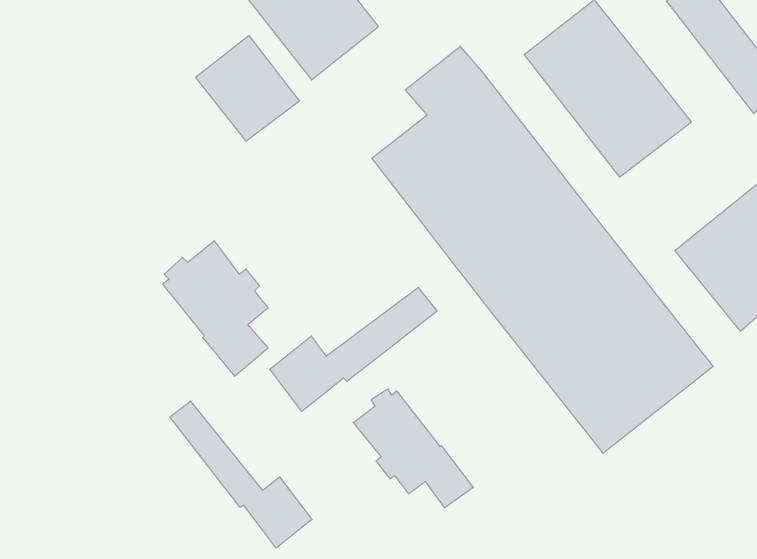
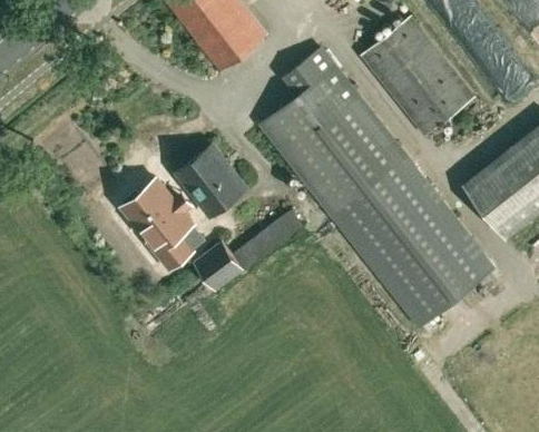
building: [196,36,299,141] -> [177,146,246,216]
building: [353,389,473,508] -> none
building: [170,401,312,548] -> none

